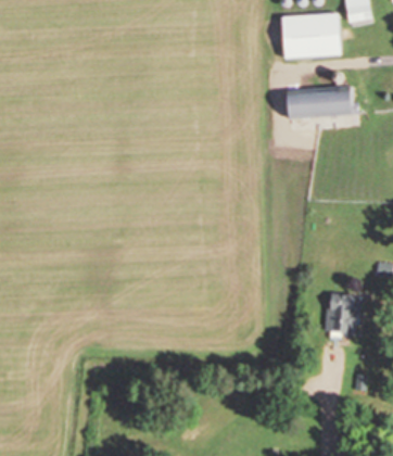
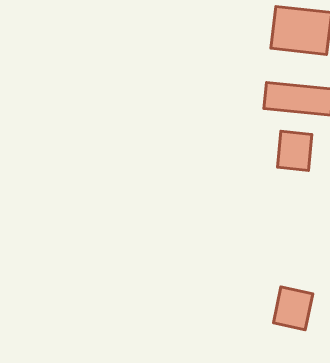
building: none -> [277,131,312,170]

